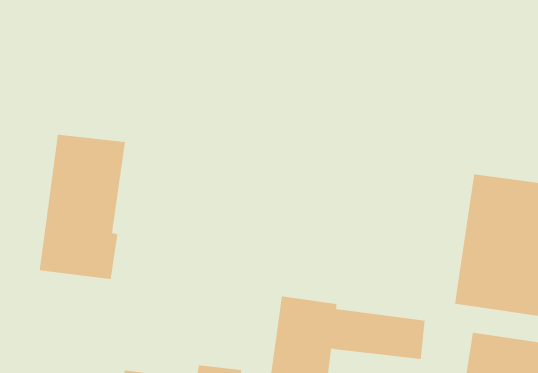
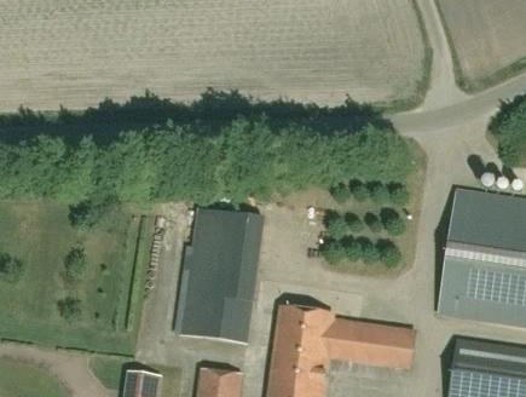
building: [39,134,126,280] -> [180,208,261,344]

